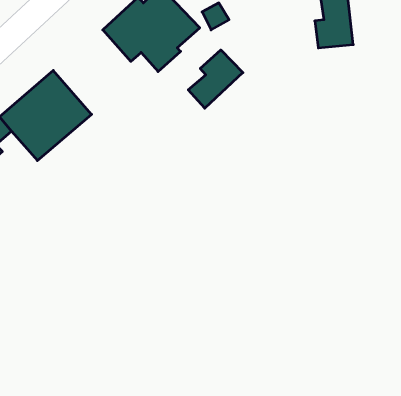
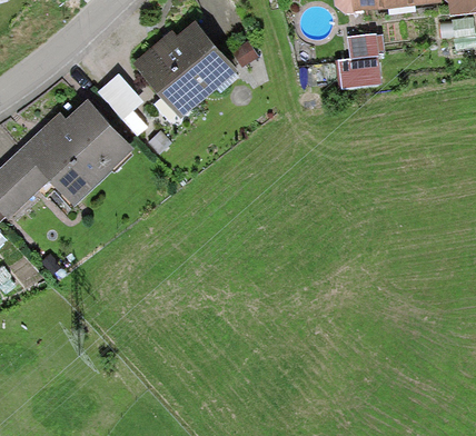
building: none -> [102,80,149,127]
building: [188,50,243,108] -> none

